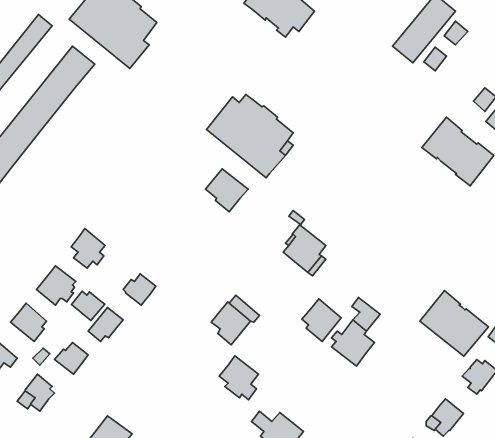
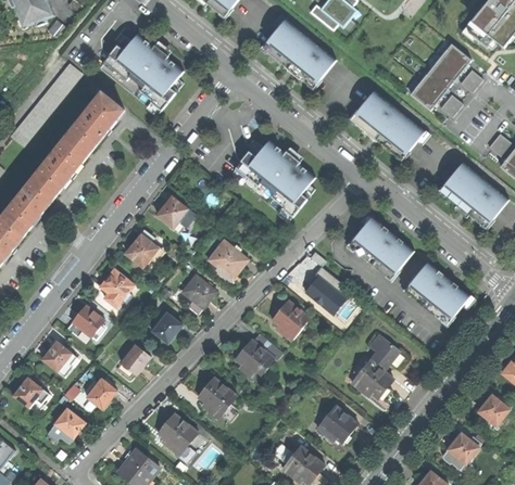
building: none -> [355,89,425,155]
building: none -> [158,195,196,229]
building: [205,169,248,212] -> [208,239,249,280]
building: none -> [349,216,414,279]
building: none -> [127,231,163,265]
building: none -> [183,273,216,314]
building: [420,291,489,356] -> [404,260,470,323]
building: [71,291,105,321] -> none
building: [302,299,341,342] -> [272,298,310,340]
building: [219,356,259,400] -> [199,376,237,419]
building: none -> [318,405,357,442]
building: none -> [159,412,198,461]

